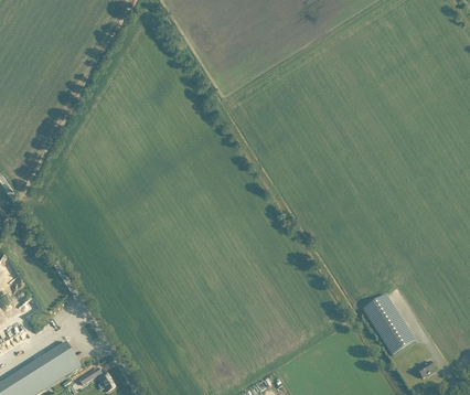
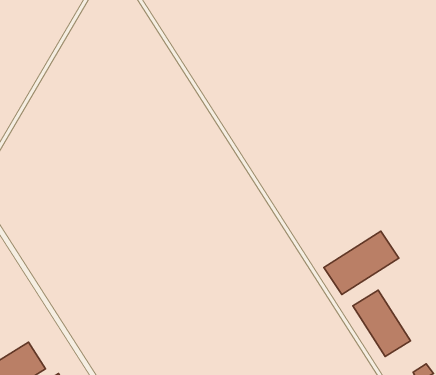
building: none -> [324,231,399,295]

